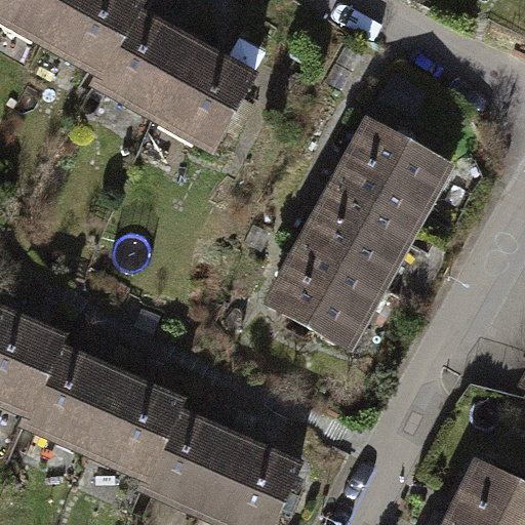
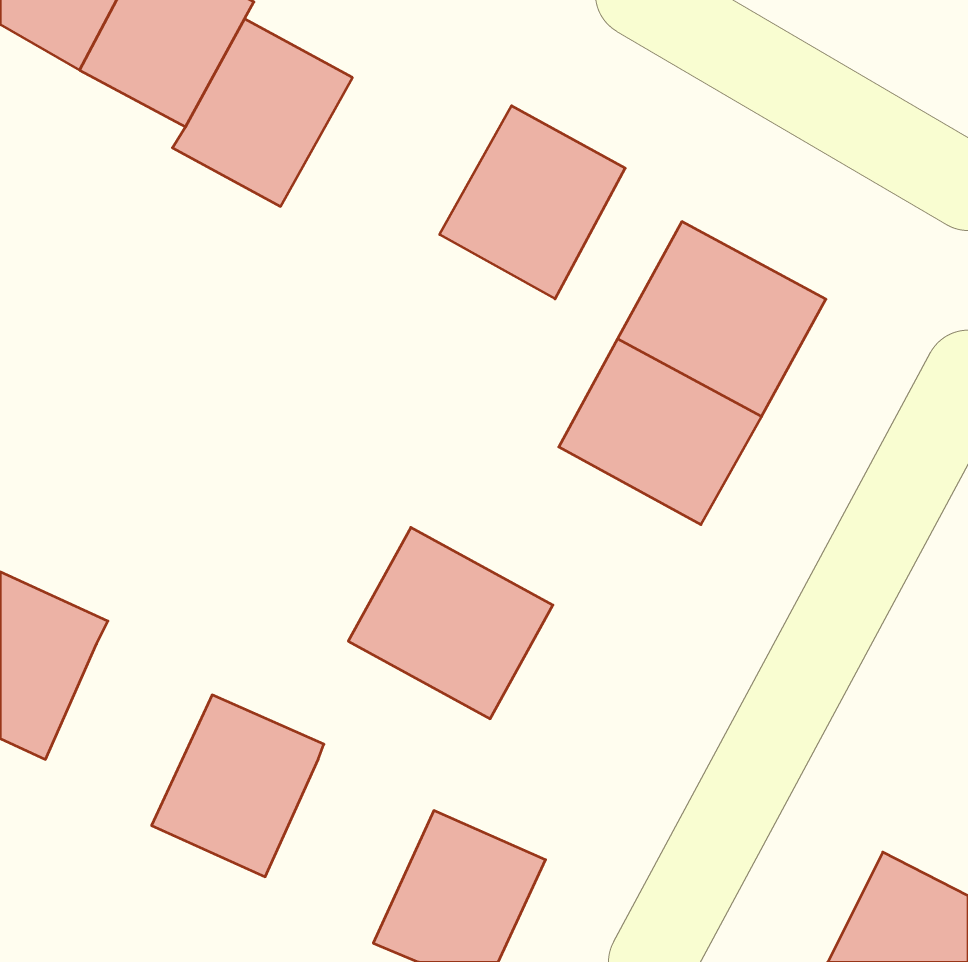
building: [152,42,252,147] -> [440,106,625,299]
building: [269,242,379,346] -> [348,527,553,719]
building: [21,349,115,447] -> none
building: [139,411,235,511] -> none

